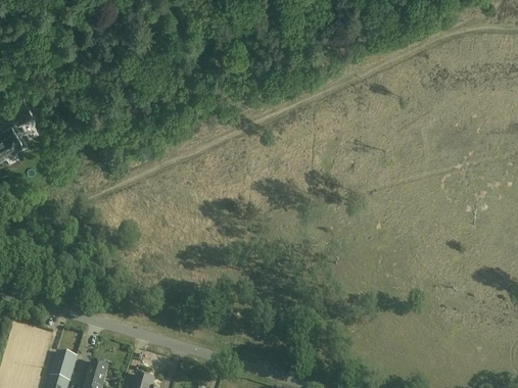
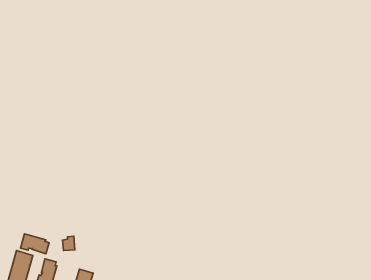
building: none -> [20,234,49,254]

